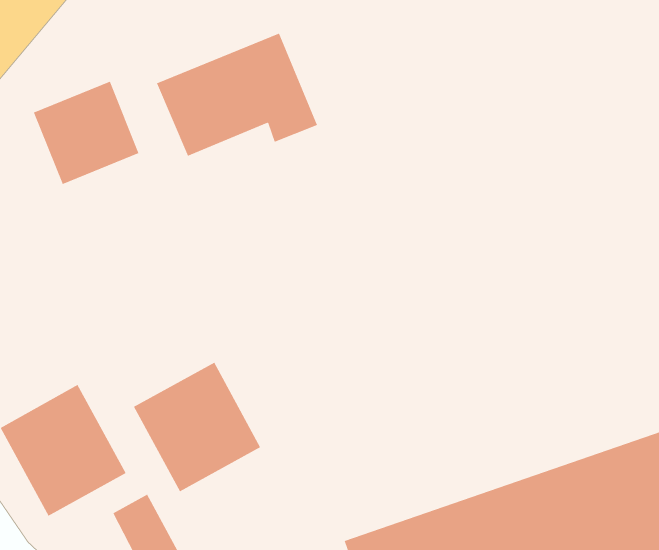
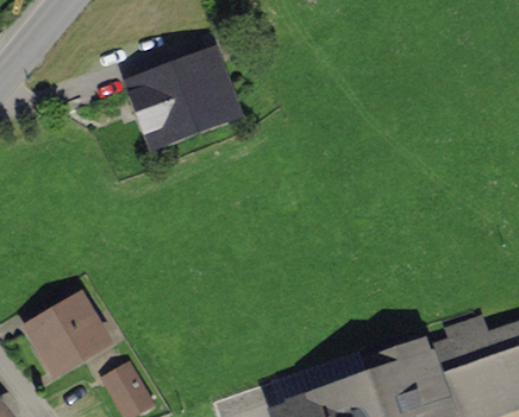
building: [33,81,139,185] -> none
building: [133,362,261,492] -> none

